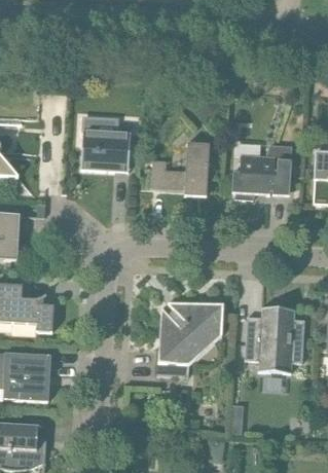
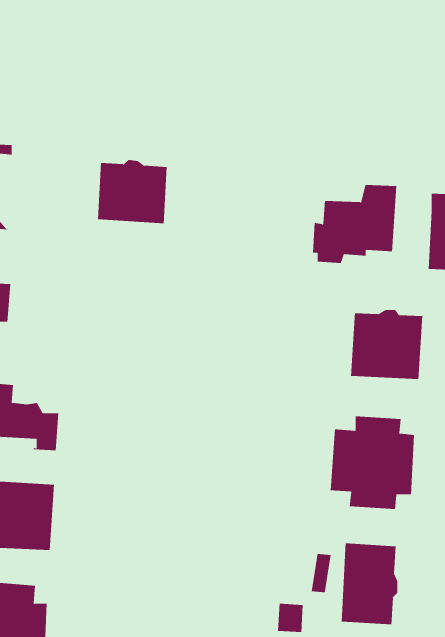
building: [150,142,209,195] -> none
building: none -> [351,309,423,380]
building: [153,301,223,376] -> none
building: none -> [341,543,398,625]

